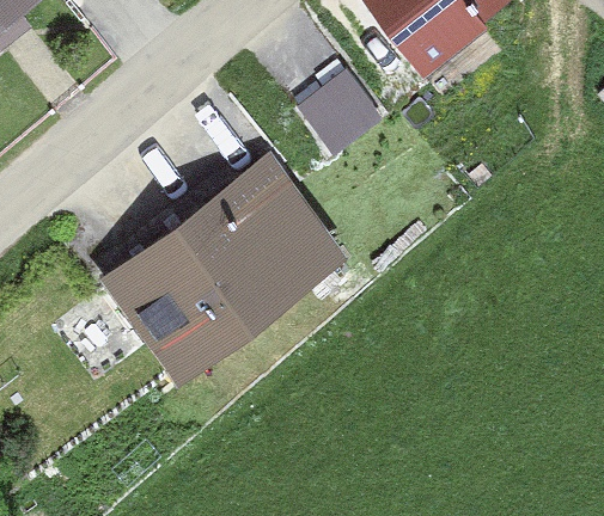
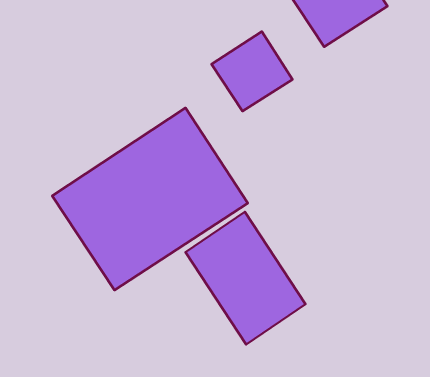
building: none -> [185,212,306,344]

